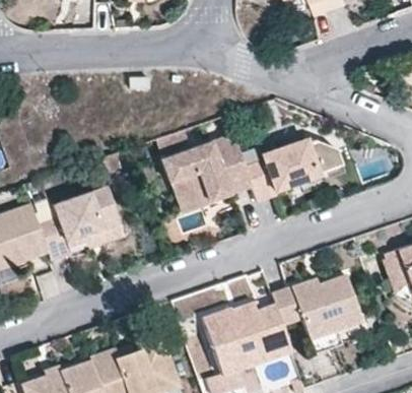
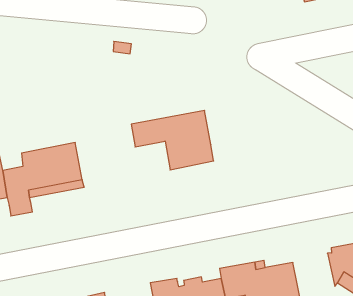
building: [246,140,347,203] -> none
building: [169,172,208,209] -> none

